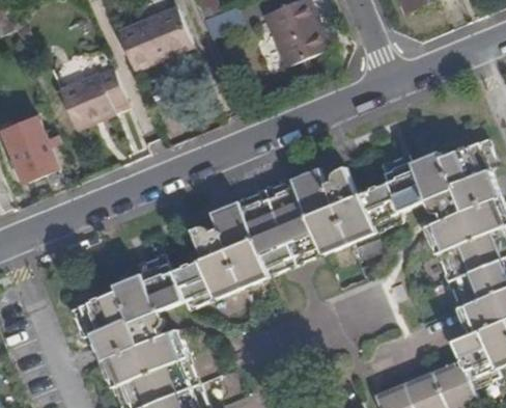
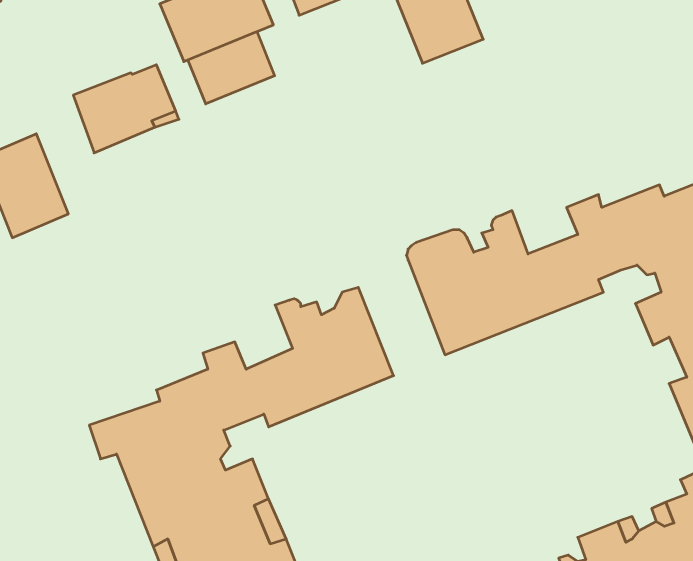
building: none -> [188,32,275,104]
building: [212,166,330,273] -> none

